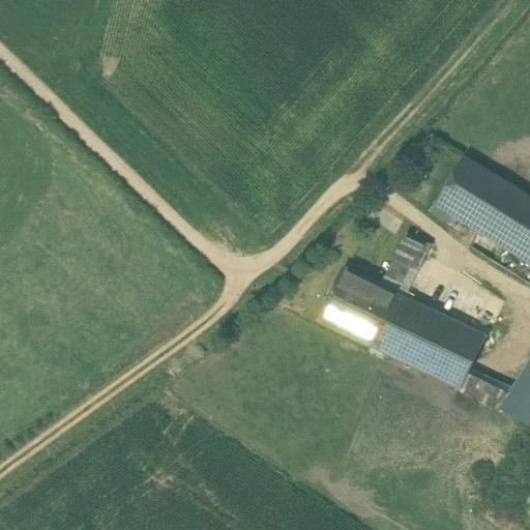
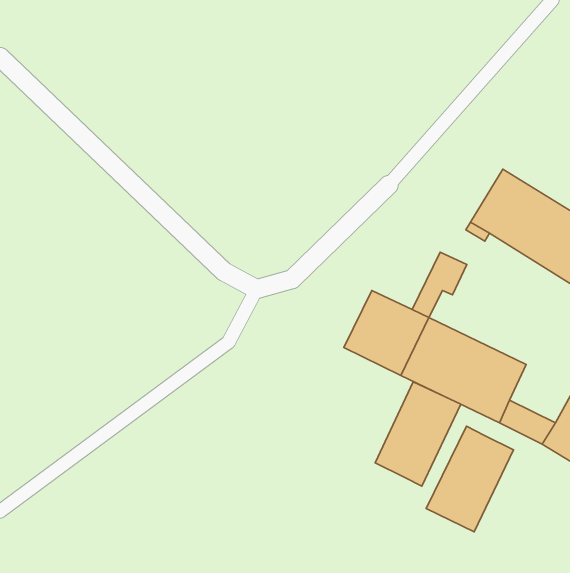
building: none -> [375,382,461,486]
building: none -> [426,426,514,532]

